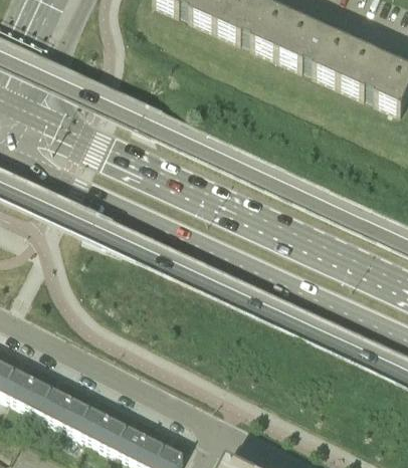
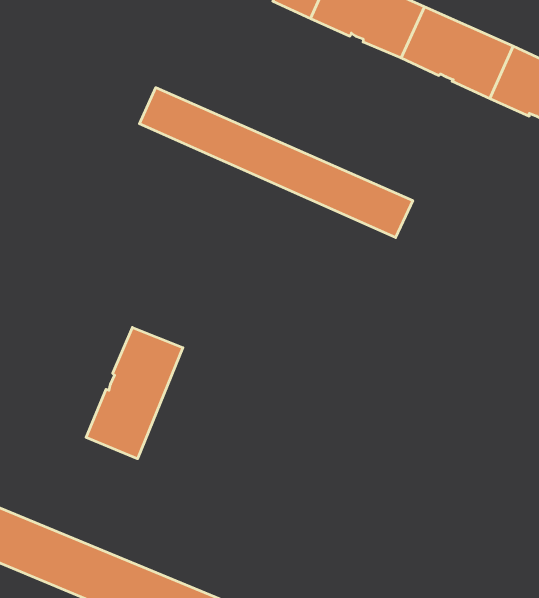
building: none -> [139,88,413,238]
building: none -> [86,327,183,459]

